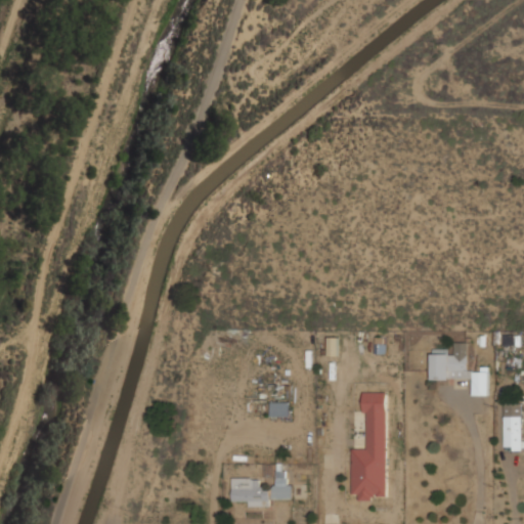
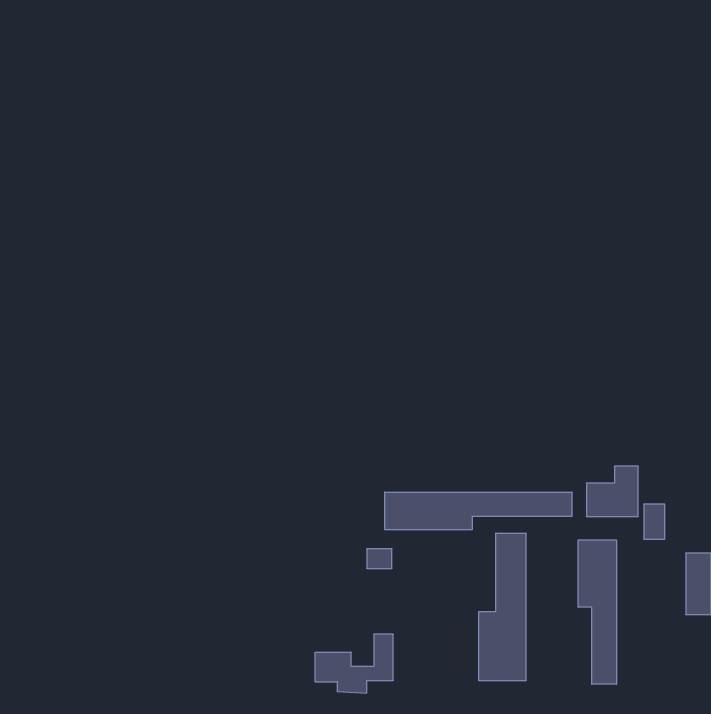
building: none -> [385,492,572,530]
building: none -> [578,540,616,684]

